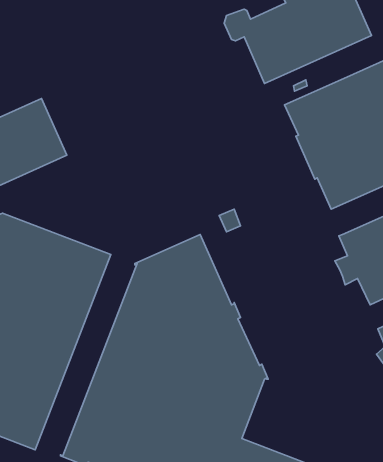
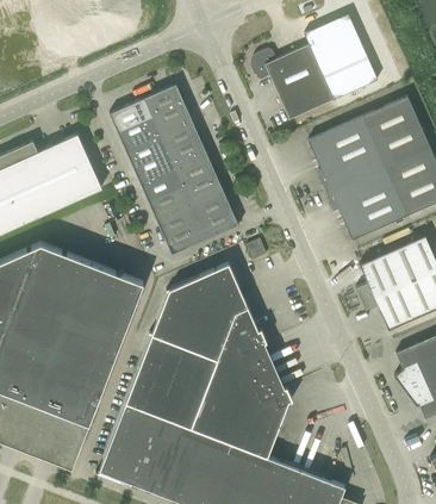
building: none -> [111,86,239,256]

